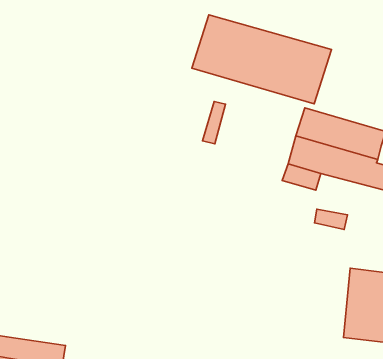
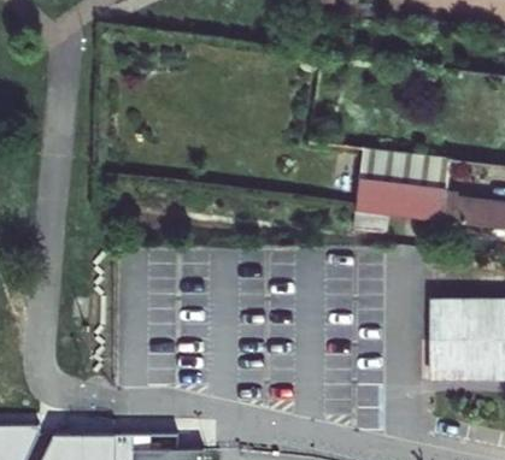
building: [192,15,332,104] -> none

